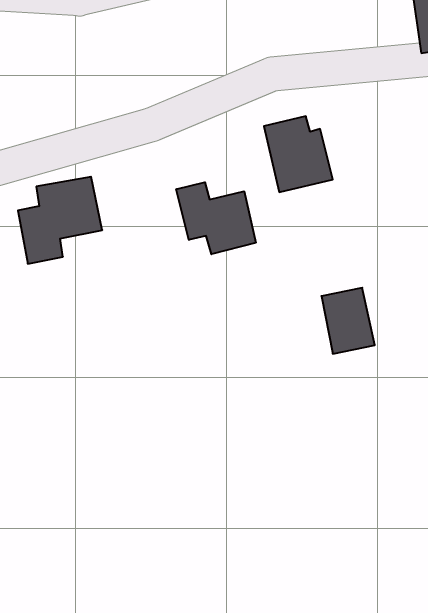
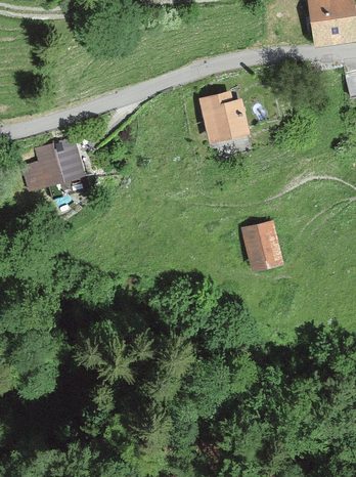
building: [176,182,256,254] -> none

